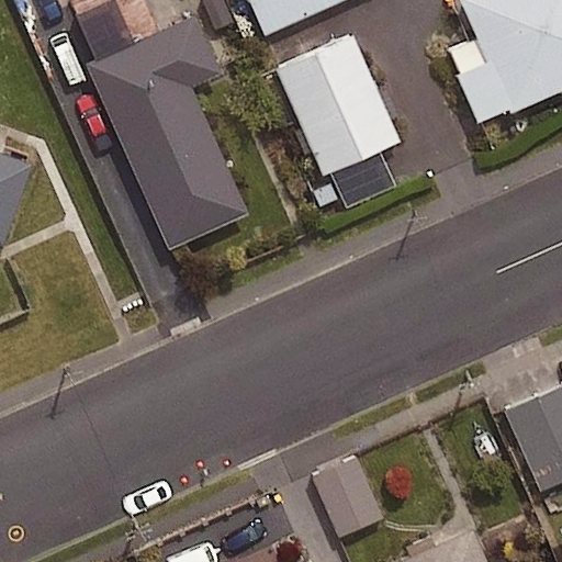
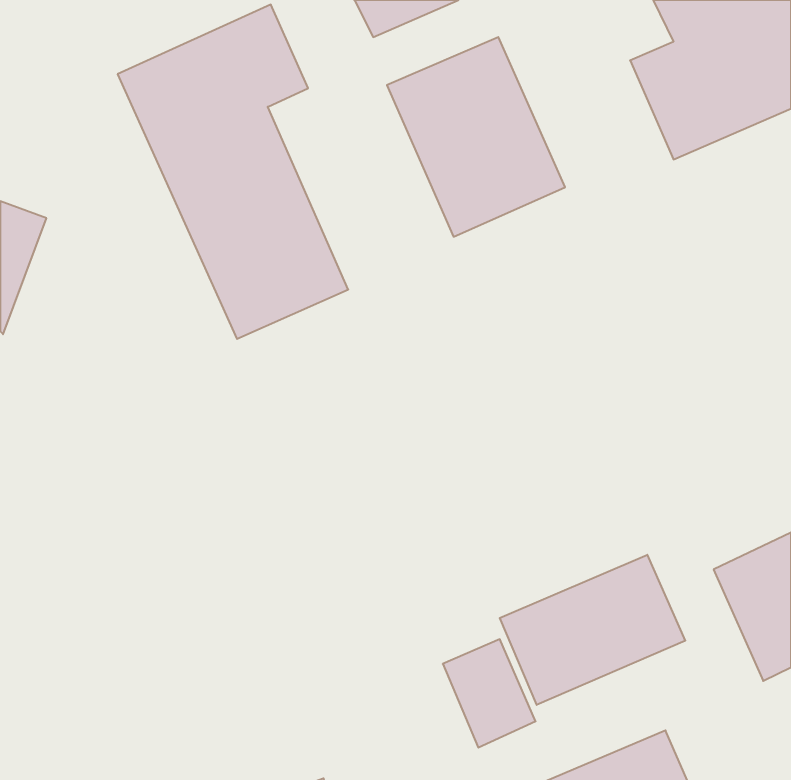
building: none -> [500,555,685,705]

